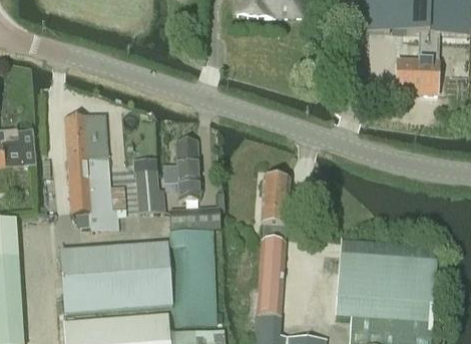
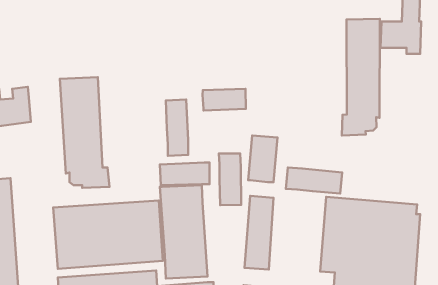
building: none -> [342,19,380,135]
building: none -> [203,89,246,110]
building: [136,168,165,210] -> none
building: none -> [219,153,241,205]
building: none -> [286,168,342,194]

